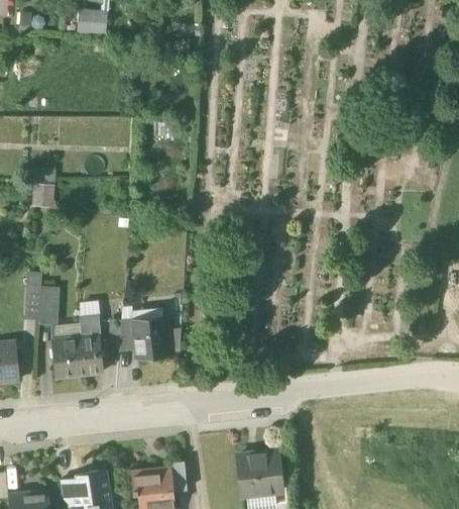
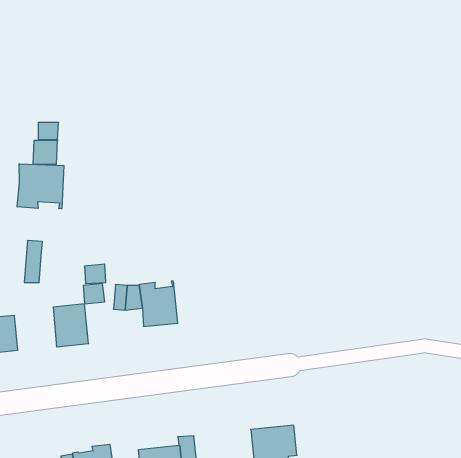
building: none -> [17,164,64,209]
building: [39,289,58,322] -> none
building: [82,335,105,375] -> none

